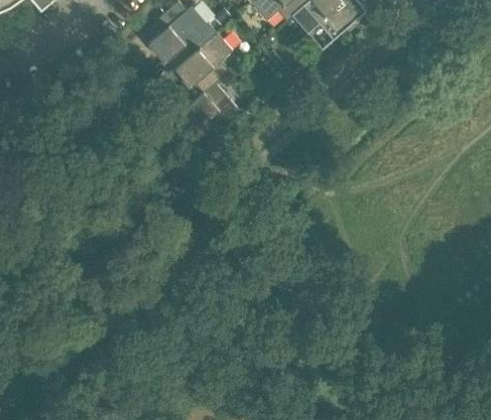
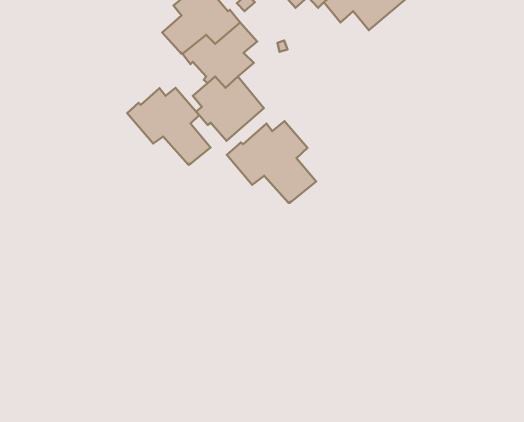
building: none -> [127,88,211,165]
building: none -> [227,121,316,203]

